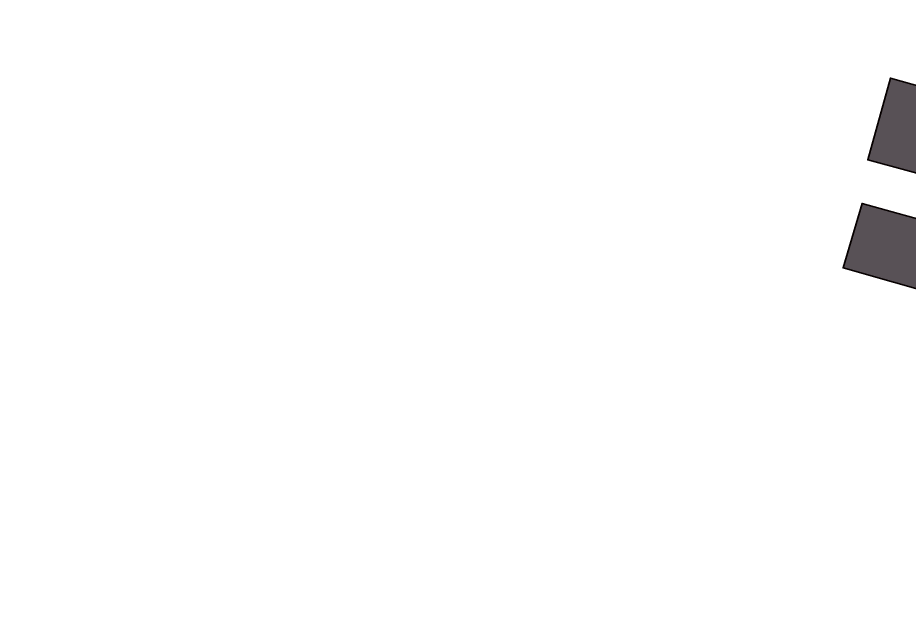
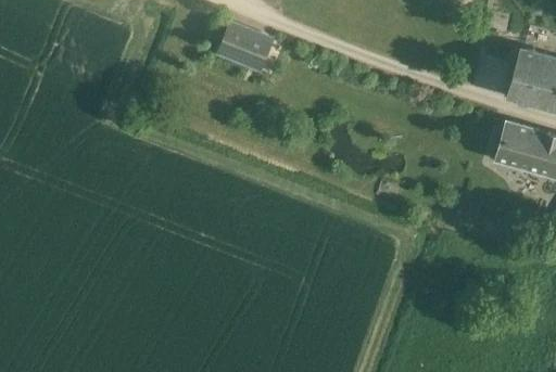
building: none -> [218,25,268,66]

